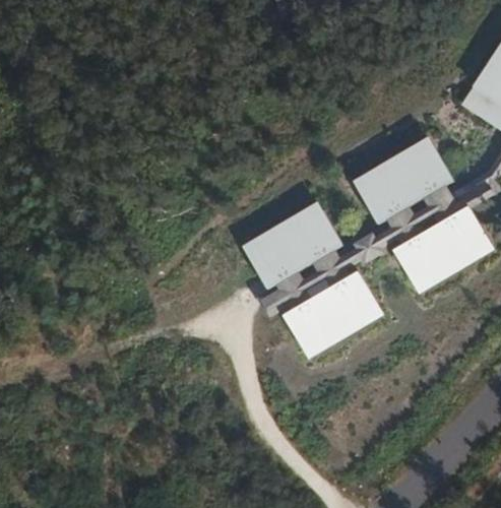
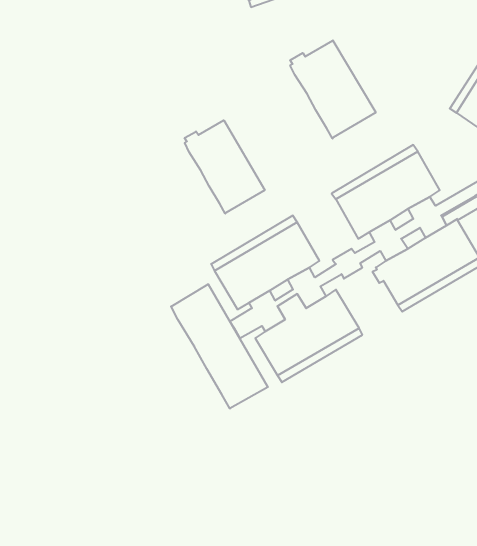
building: none -> [290,40,376,139]
building: none -> [185,120,265,214]
building: none -> [171,284,268,409]

